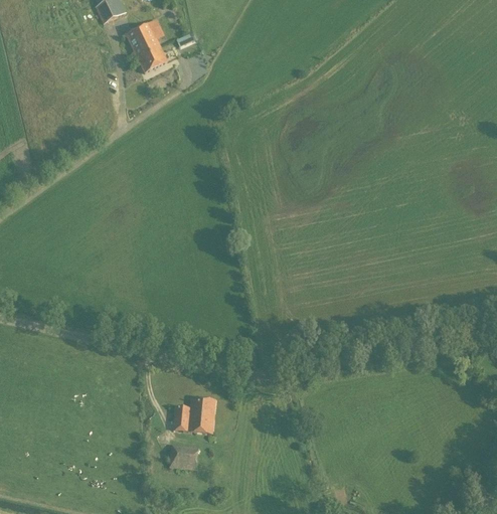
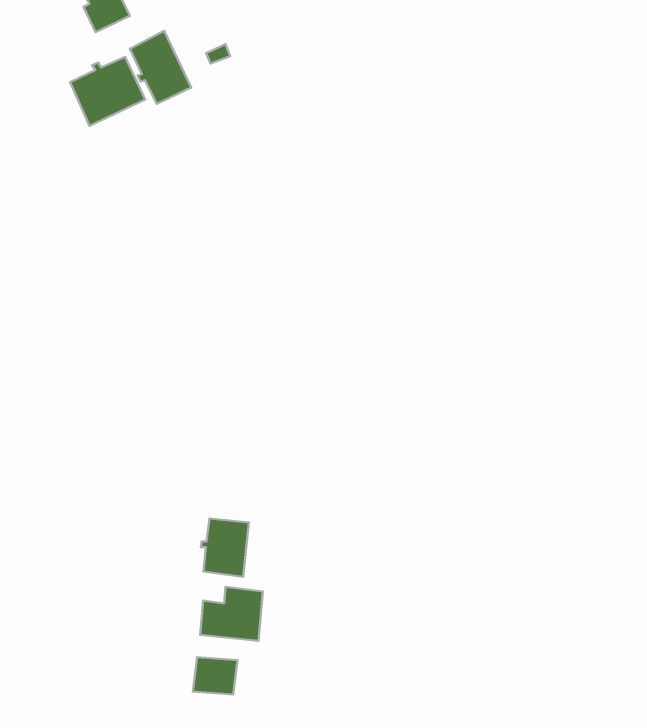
building: none -> [70,57,145,126]
building: none -> [201,518,249,577]

